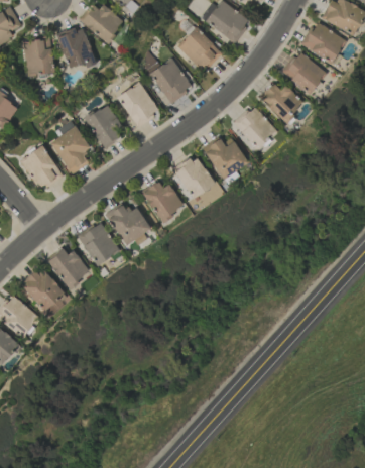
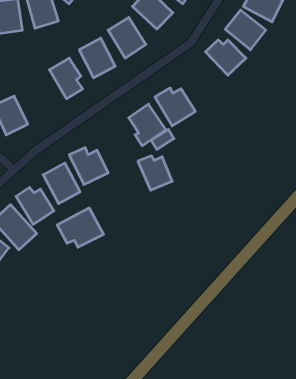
building: [234,106,277,149] -> none
building: [51,126,90,174] -> none
building: [144,183,183,221] -> [138,156,172,190]
building: none -> [57,208,104,247]

